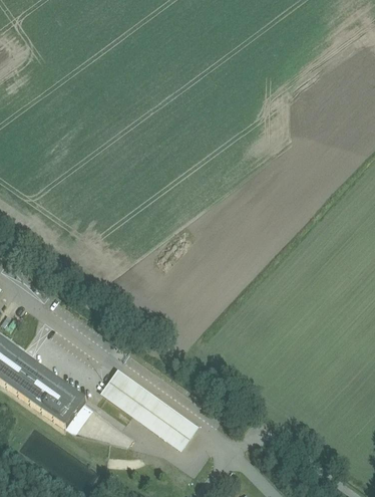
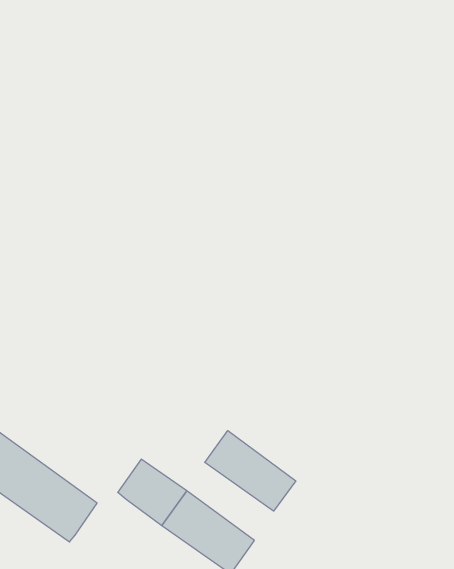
building: none -> [205,431,296,511]

